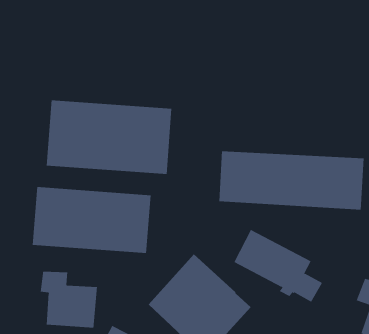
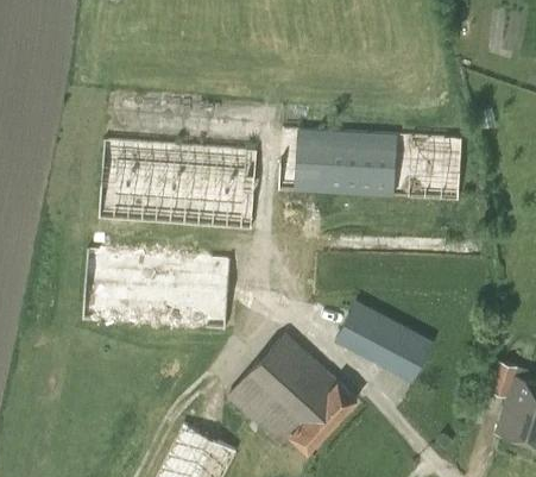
building: [218,151,364,210] -> [278,126,462,201]
building: [40,271,98,329] -> none

